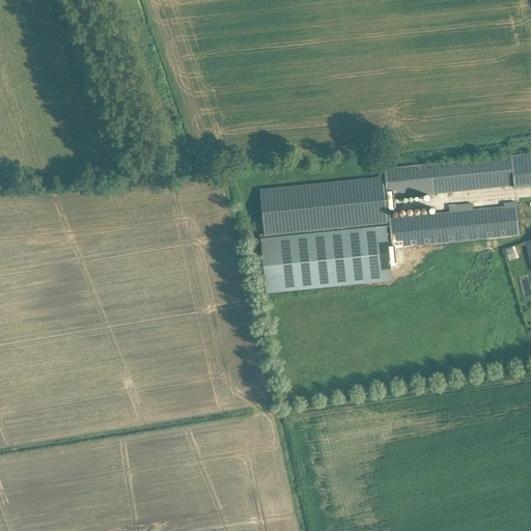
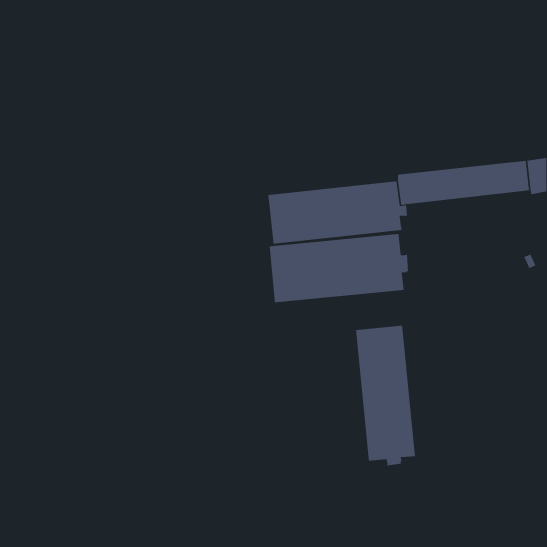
building: [389,201,519,247] -> none
building: none -> [356,325,416,467]

